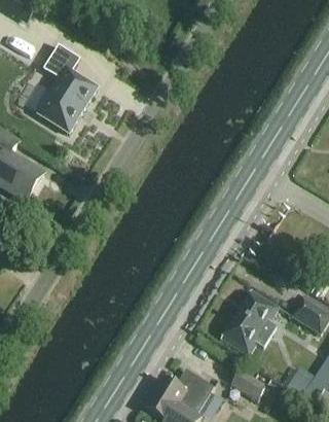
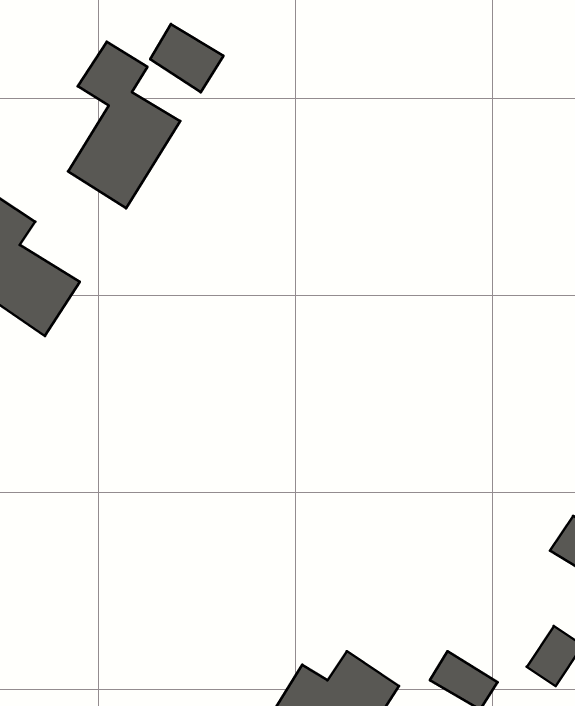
building: none -> [150,24,223,92]
building: [220,288,279,354] -> none

